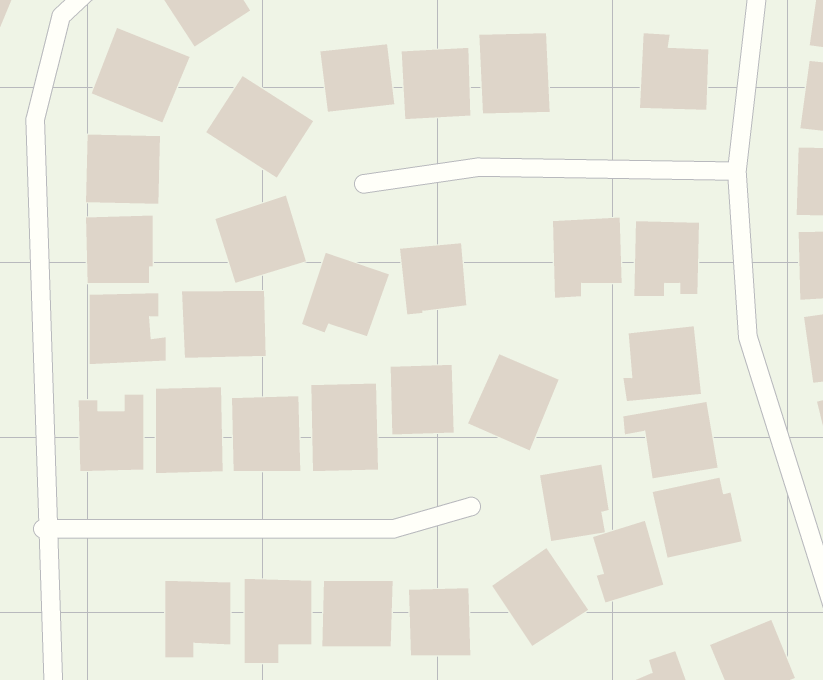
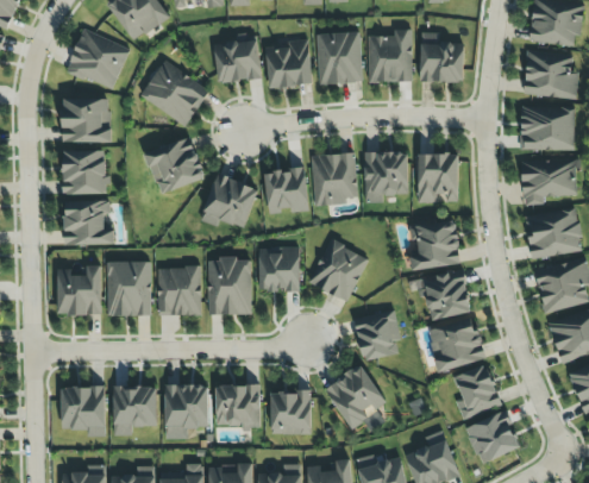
building: none -> [366,27,412,81]
building: none -> [311,152,357,205]
building: [182,290,266,359] -> none
building: [592,520,664,603] -> [453,364,500,418]
building: none -> [61,384,105,435]

